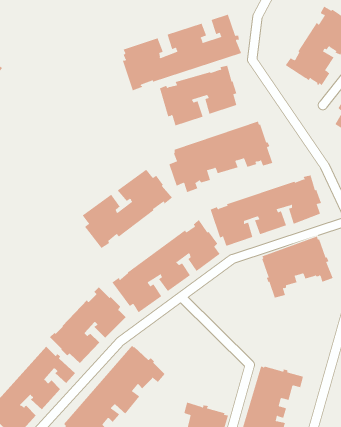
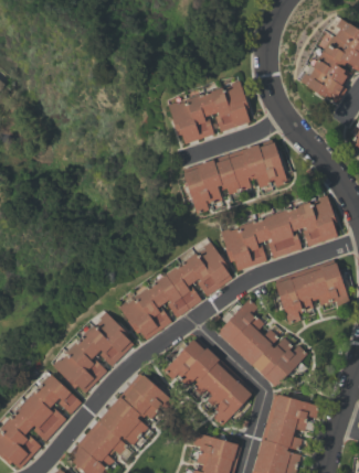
building: [122,14,242,91] -> none
building: [82,169,173,249] -> none
building: none -> [218,299,307,386]
building: none -> [163,337,253,426]

